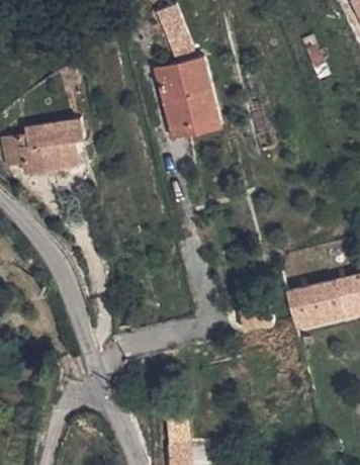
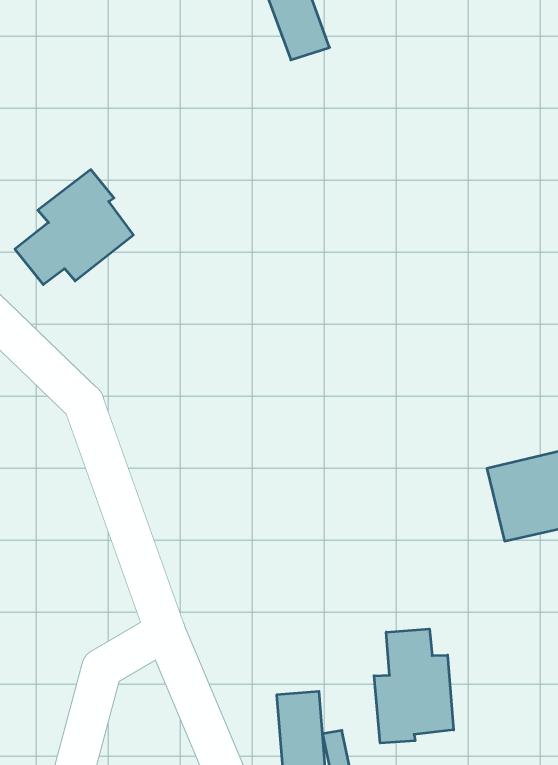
building: [169,50,228,124] -> none
building: none -> [374,629,454,743]

